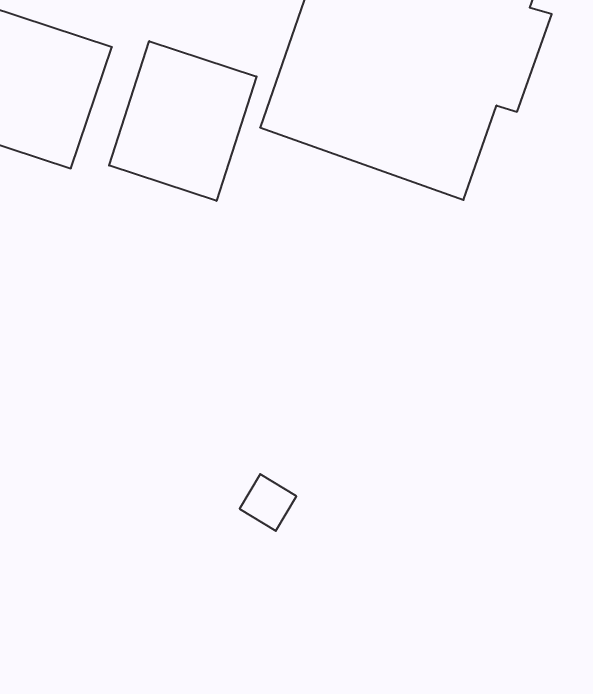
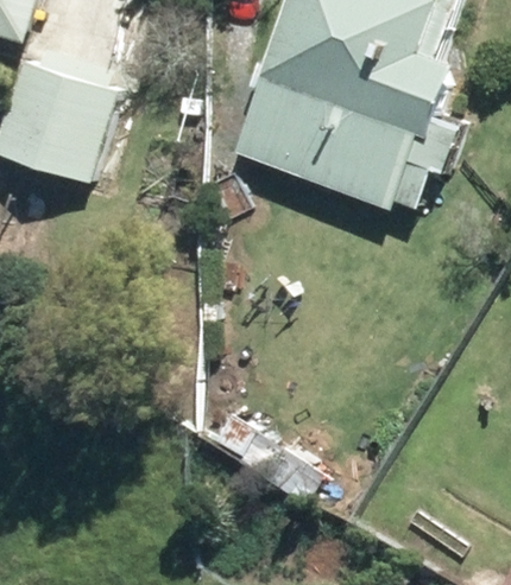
building: [109,41,257,201] -> none

